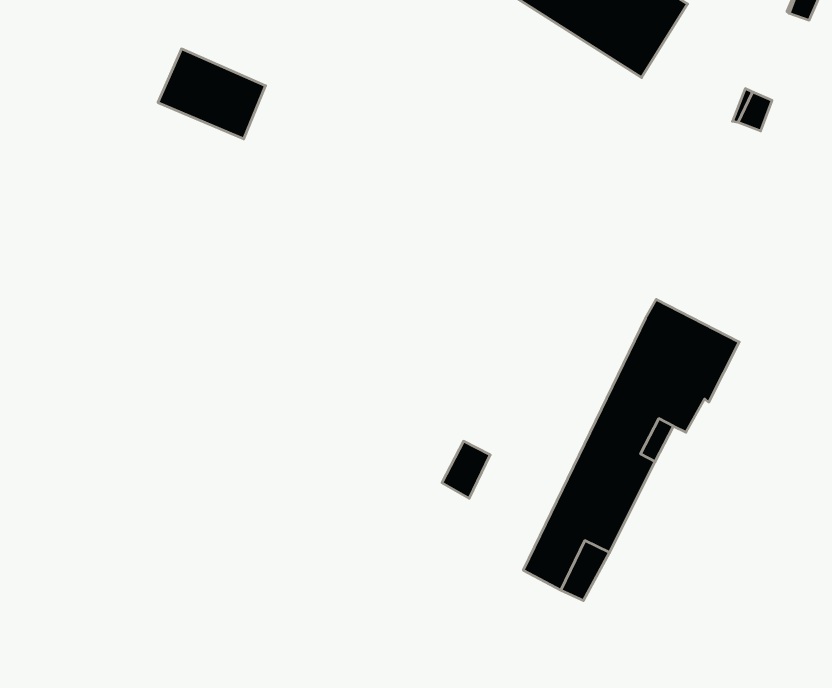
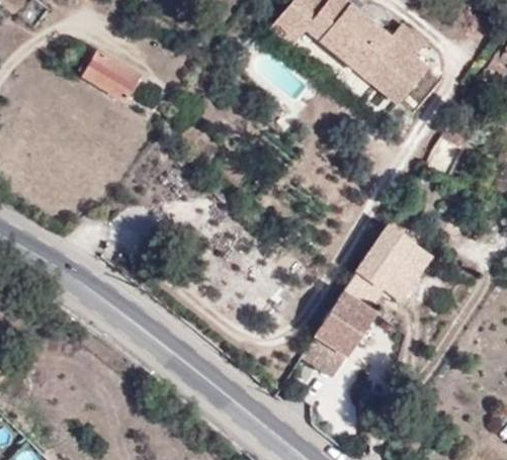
building: [158,49,266,139] -> [82,50,140,101]

